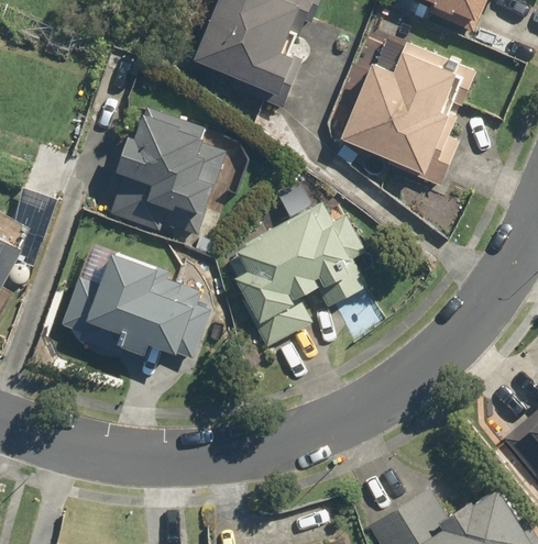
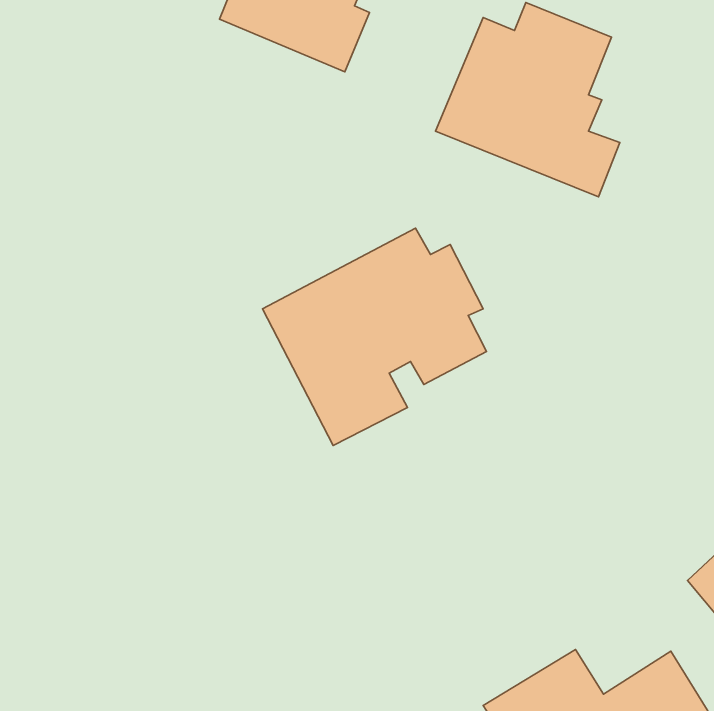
building: [112,106,228,232] -> none
building: [64,254,193,362] -> none

